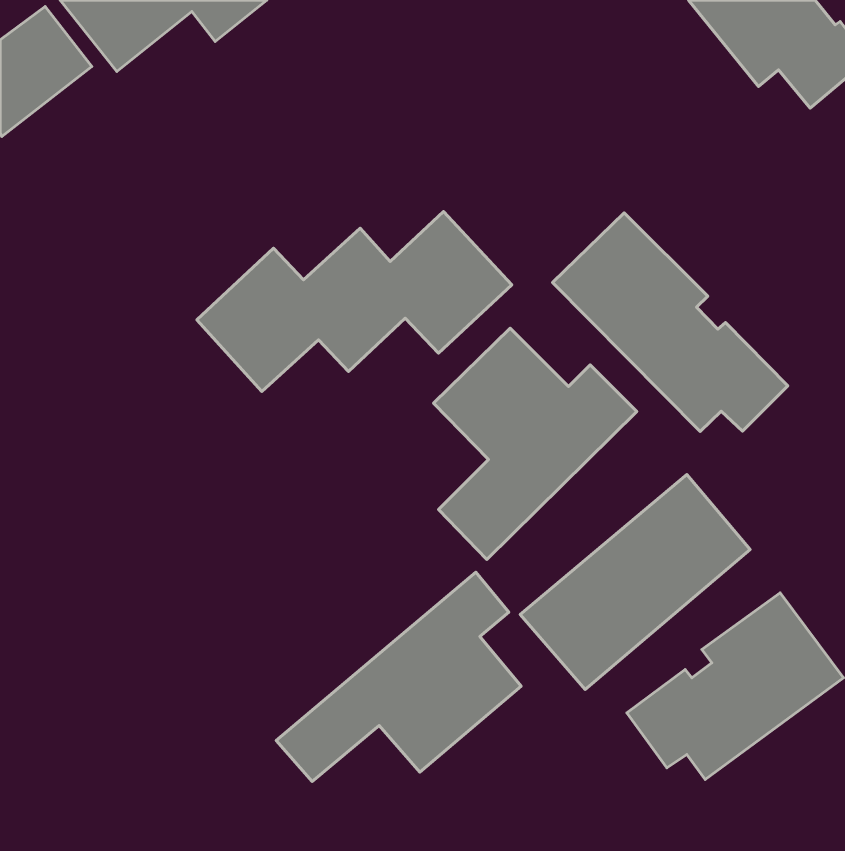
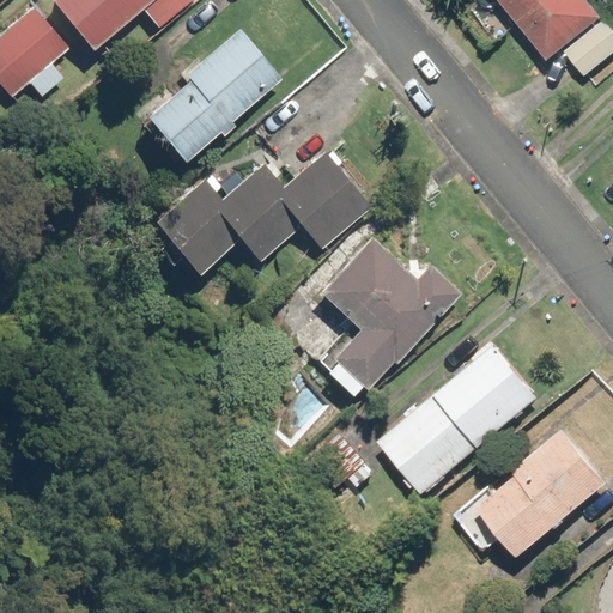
building: none -> [140,25,281,163]
building: [553,213,788,432] -> none
building: [276,572,521,782] -> none

